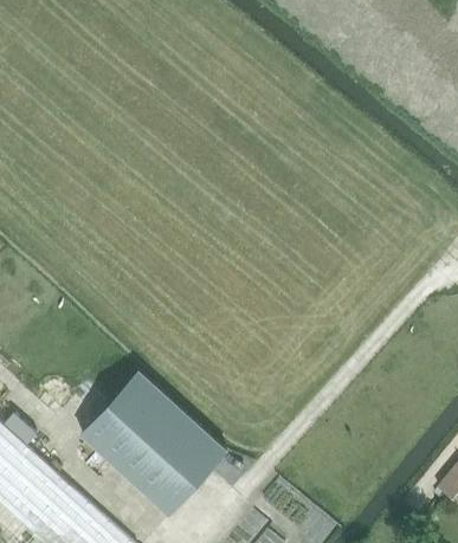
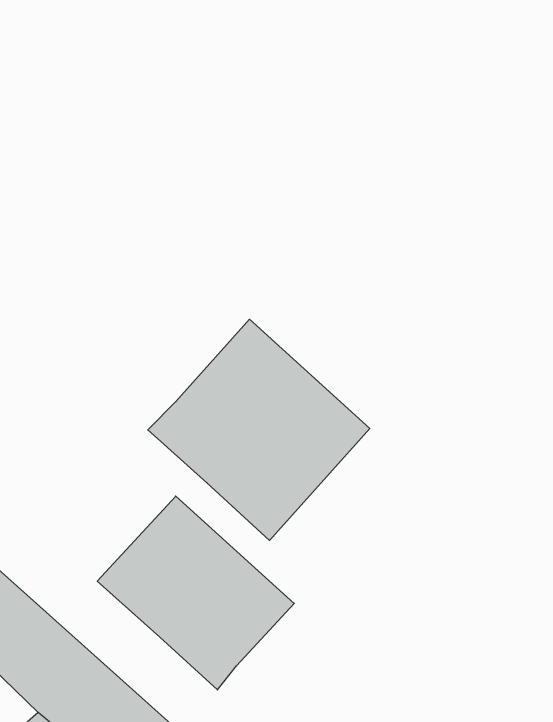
building: none -> [148,319,370,540]

